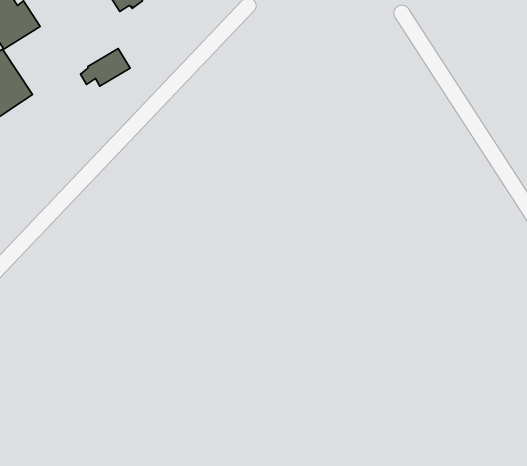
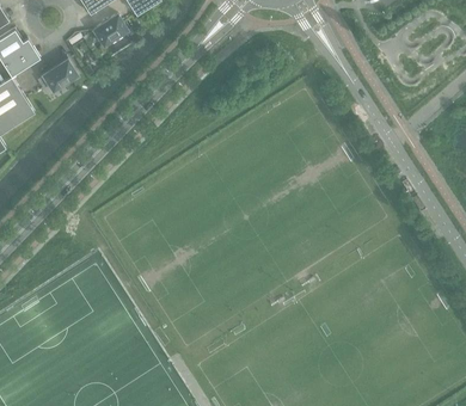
building: [80,48,130,86] -> [37,60,76,90]

